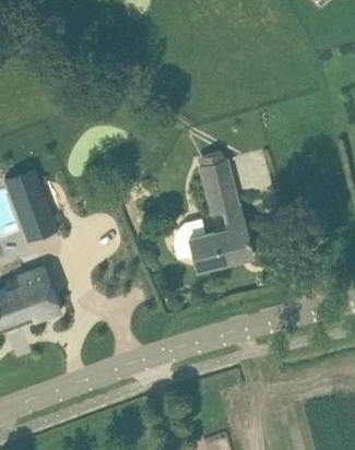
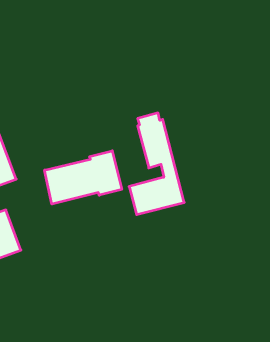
building: none -> [45,151,122,204]

